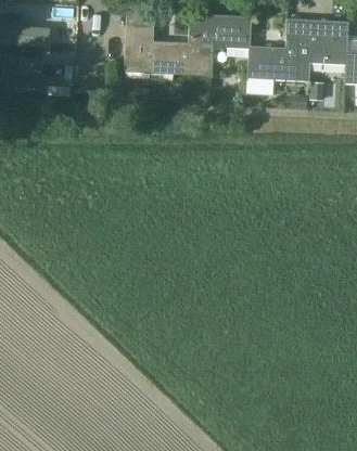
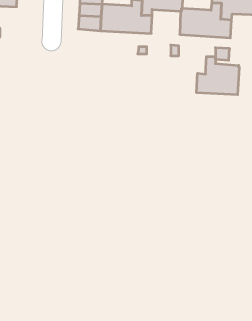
building: none -> [197,57,239,95]

